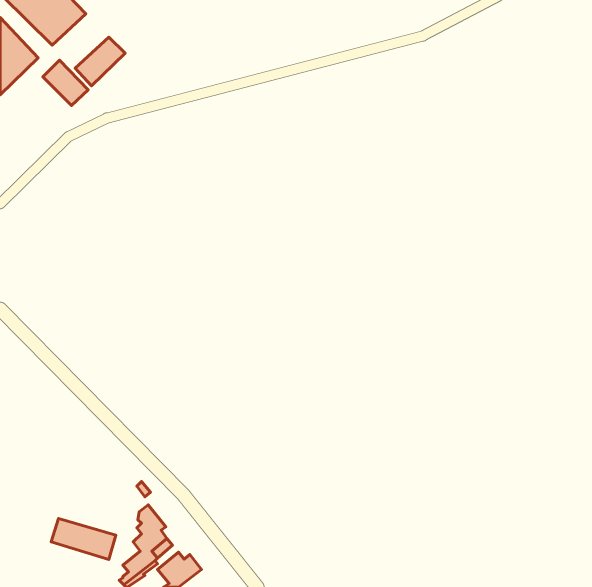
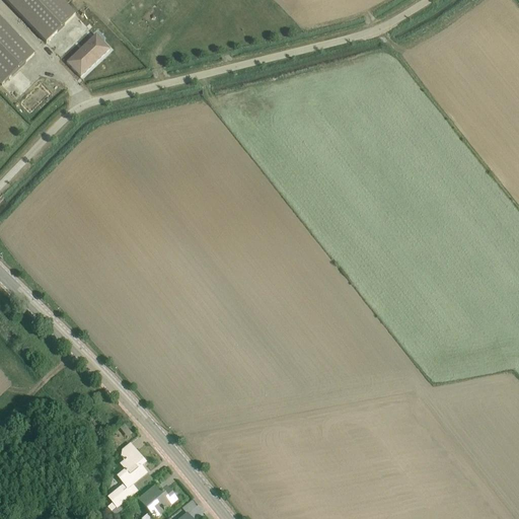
building: [43,60,88,106] -> none
building: [51,519,116,560] -> none

